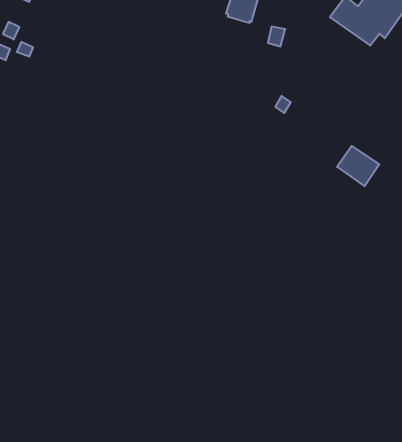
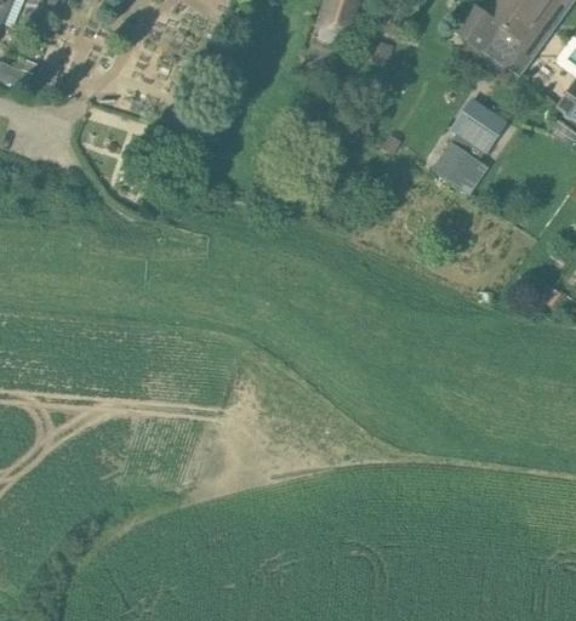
building: none -> [451,98,507,153]
building: [337,146,379,186] -> [432,142,487,195]

